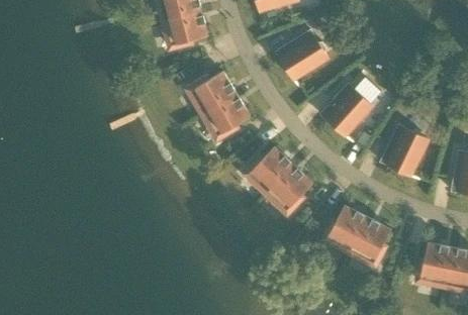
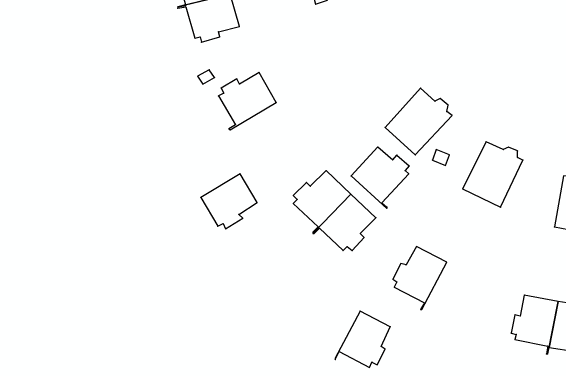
building: [275,30,326,80] -> none
building: [205,96,249,138] -> [201,174,257,229]
building: none -> [351,147,409,208]
building: [348,219,390,262] -> [335,311,390,367]

